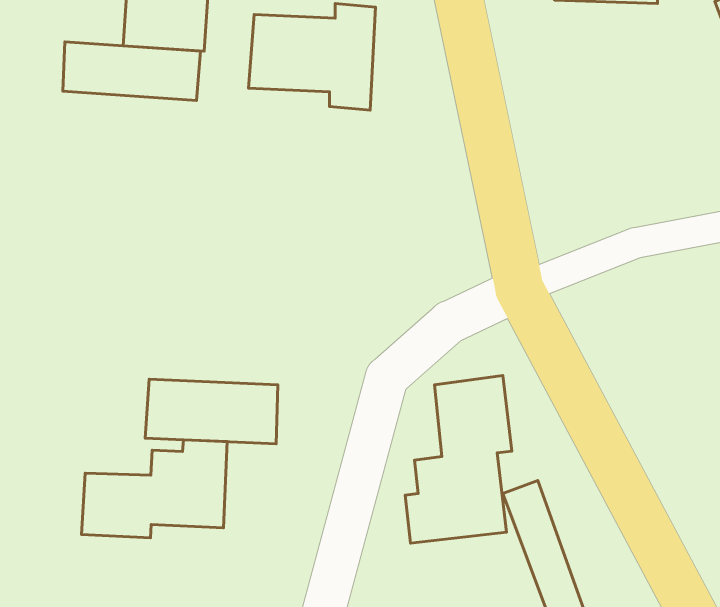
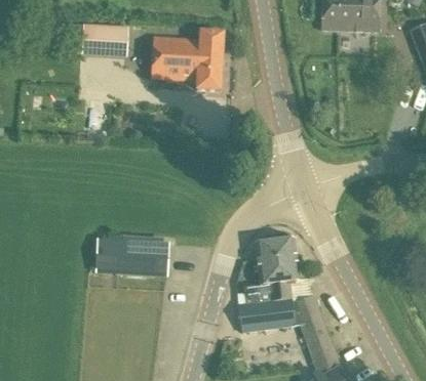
building: [63,42,200,100] -> none
building: [81,440,227,538] -> none

